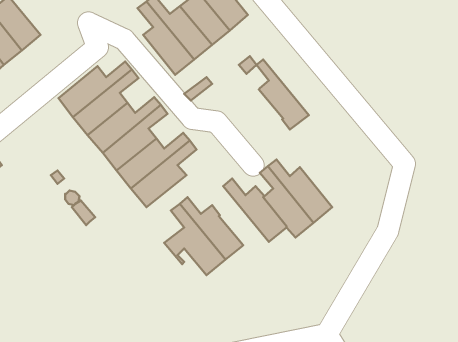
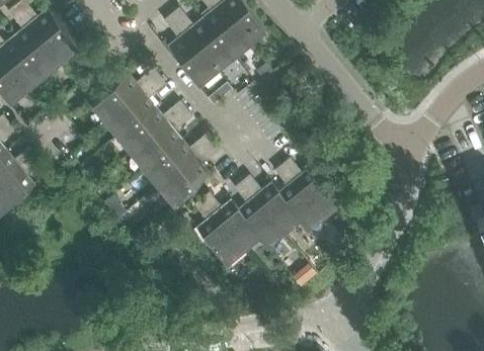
building: [257,59,309,129] -> [236,187,284,251]

